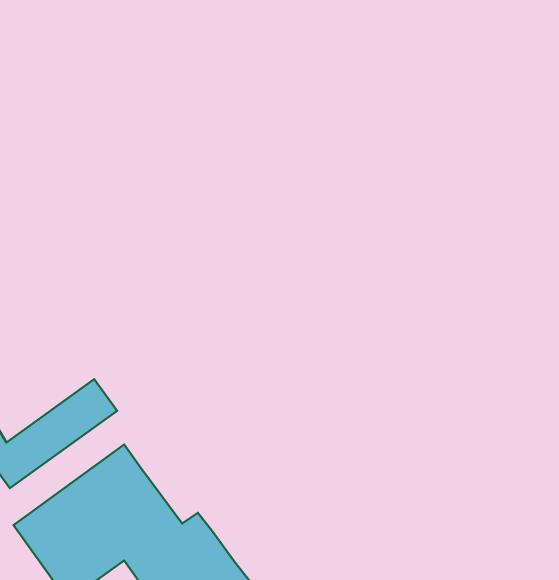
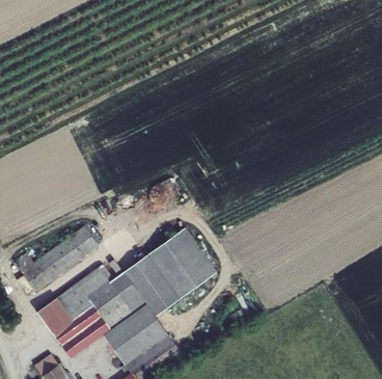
building: none -> [113,228,216,316]

